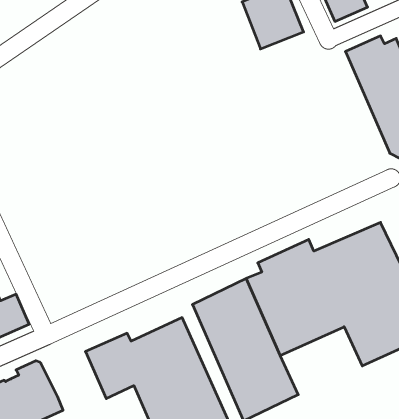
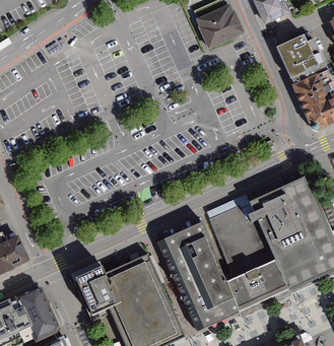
building: none -> [223,261,287,314]

